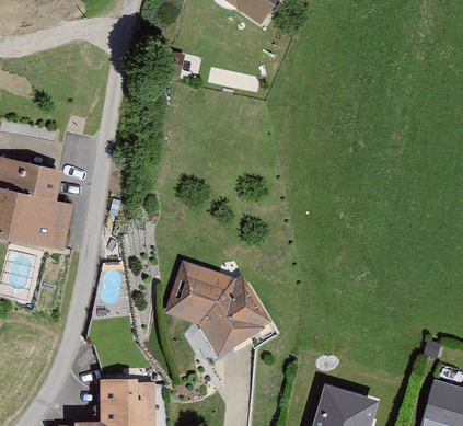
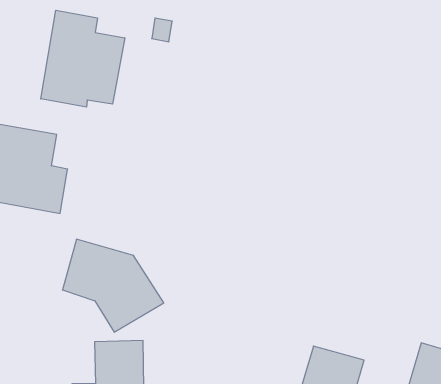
building: none -> [41,10,125,107]
building: [170,262,273,356] -> [62,239,164,332]

